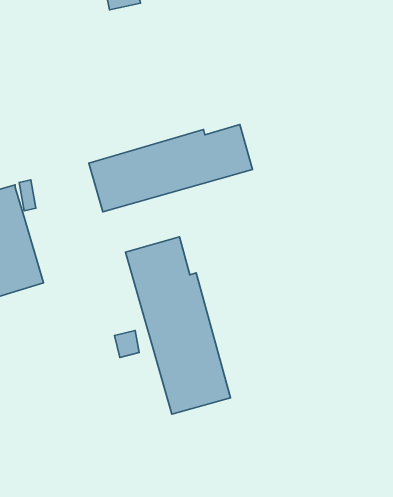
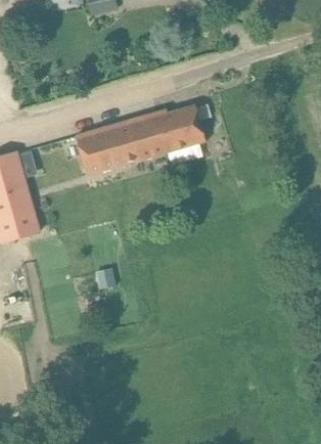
building: [126,237,231,414] -> none

